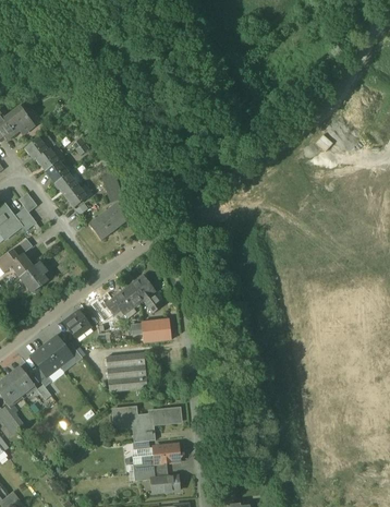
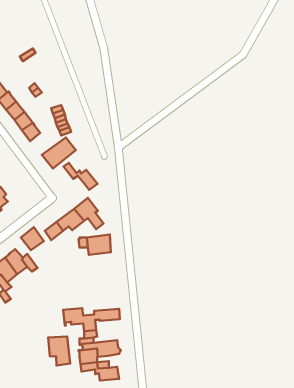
building: none -> [64,163,98,190]
building: [107,352,147,393] -> none
building: none -> [48,337,70,365]

